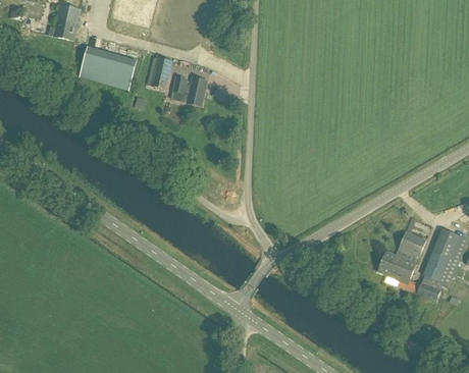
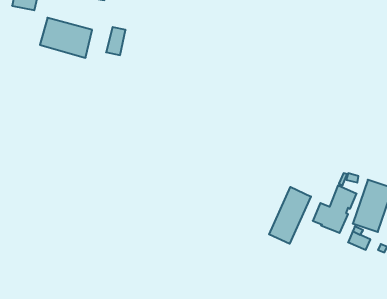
building: [173,76,206,104] -> none
building: none -> [269,187,311,244]

